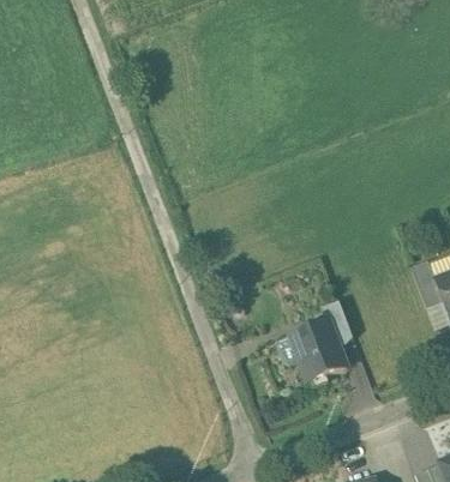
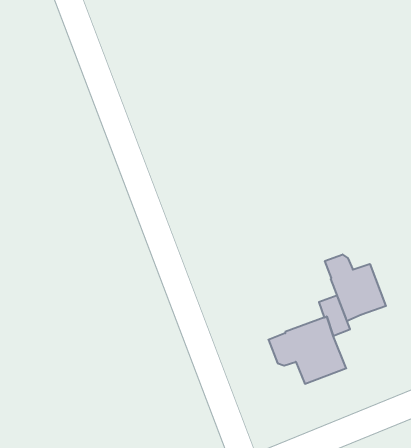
building: none -> [325,254,386,321]

